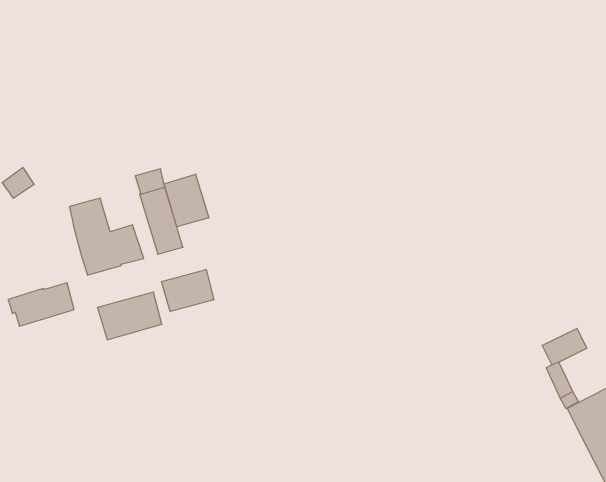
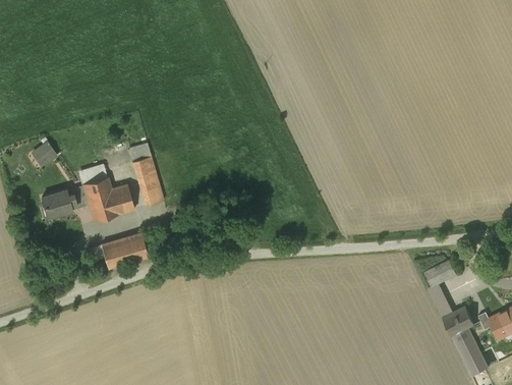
building: [164,174,209,227] -> none
building: [162,269,214,312] -> none
building: [8,283,74,326] -> [42,186,90,218]

